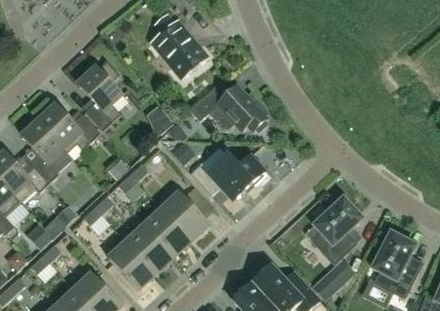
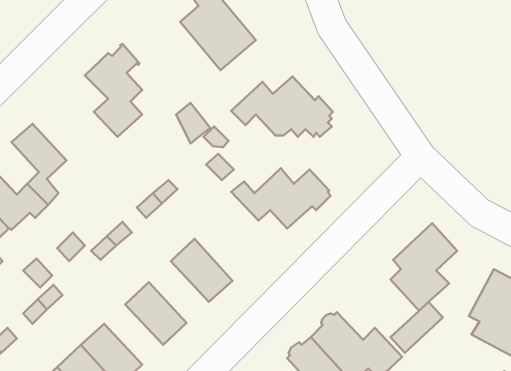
building: [37,101,100,152] -> none
building: [161,192,208,240] -> none
building: [126,225,172,272] -> none

